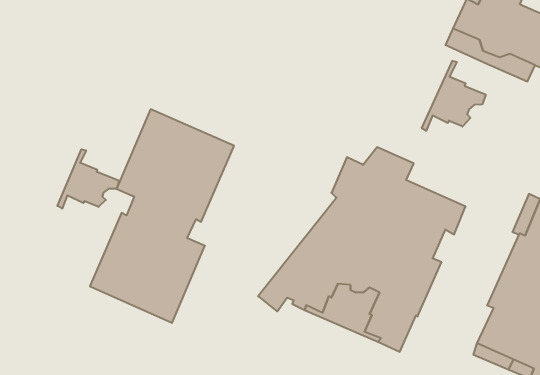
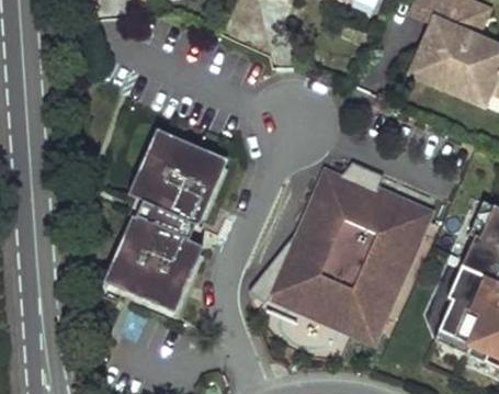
building: [422,61,486,131] -> none
building: [57,149,119,209] -> none

